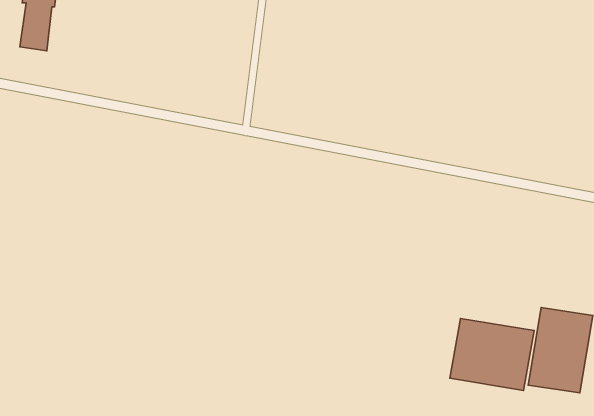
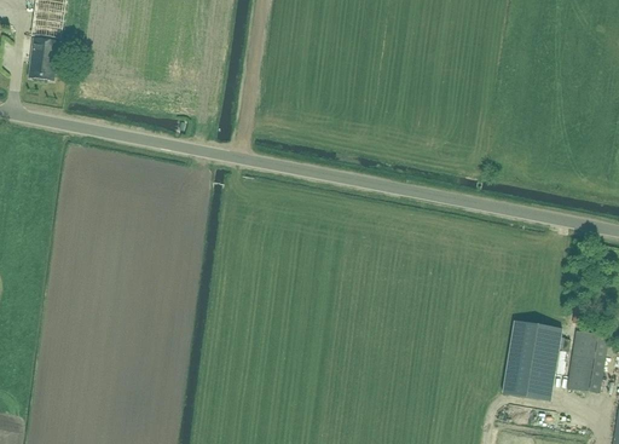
building: [450,318,534,391] -> none

